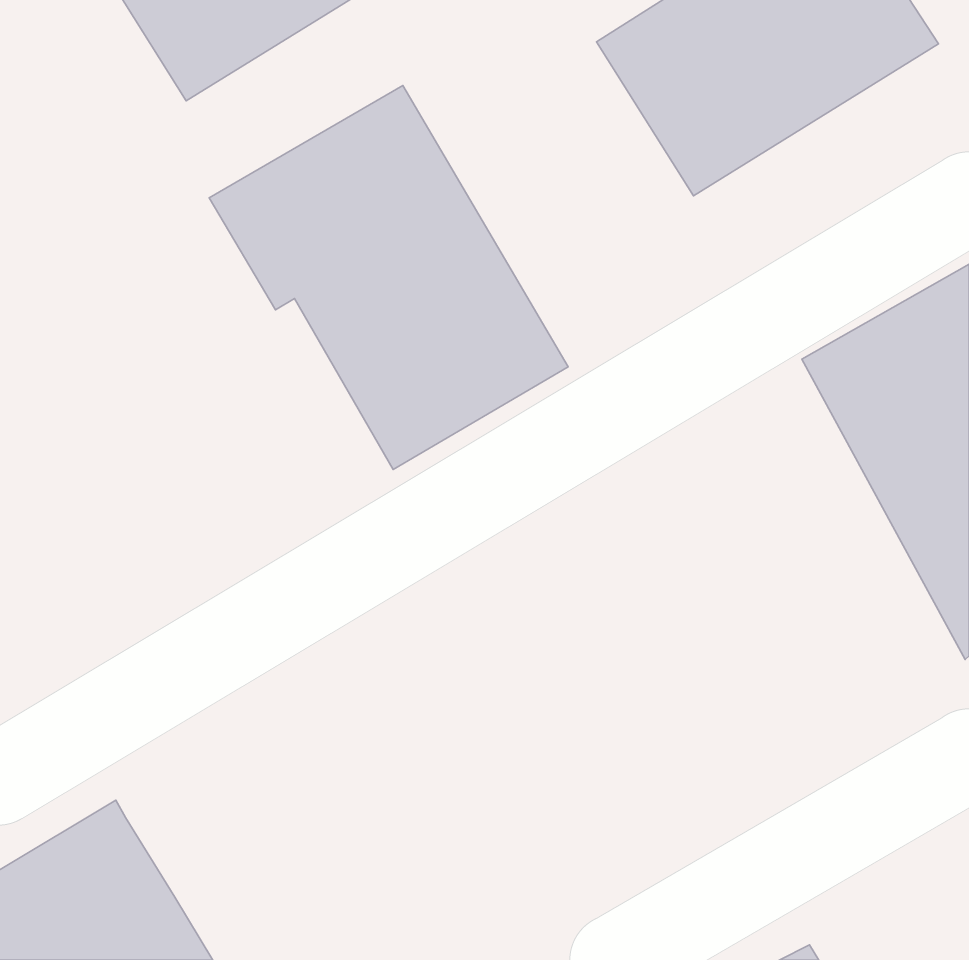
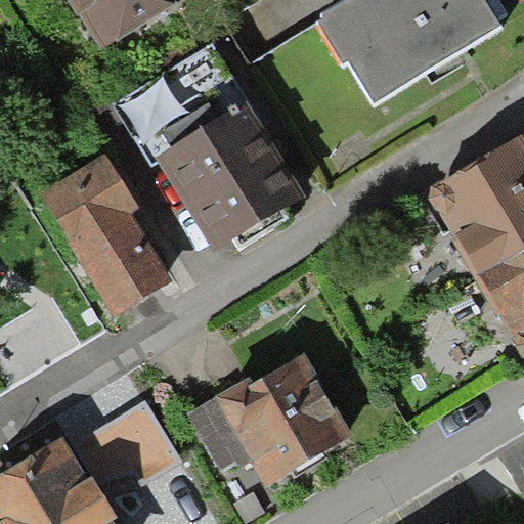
building: none -> [45,155,169,314]
building: none -> [186,356,352,485]
building: none -> [68,394,182,483]

